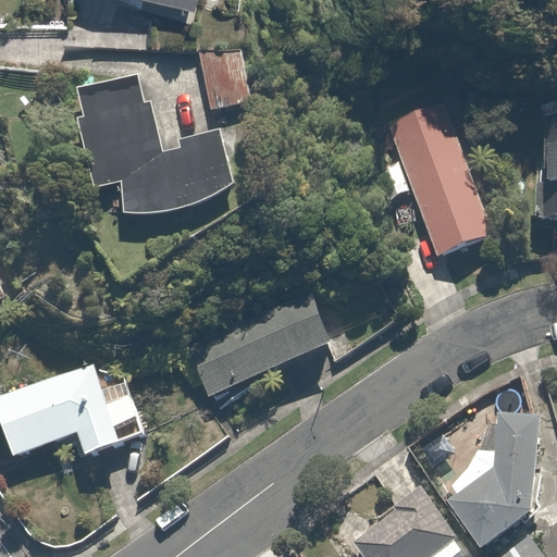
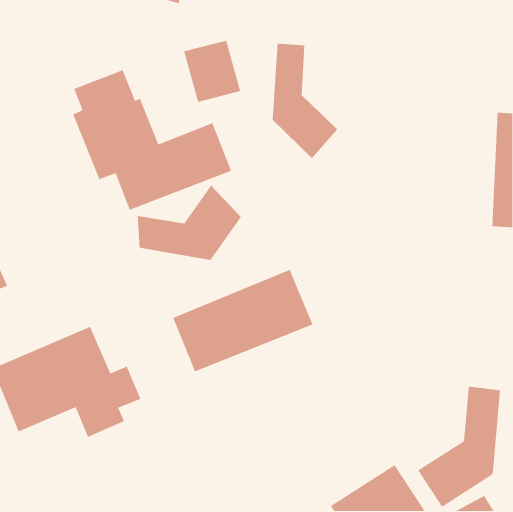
building: none -> [272,43,338,159]
building: [372,94,504,259] -> none
building: none -> [137,184,242,261]

